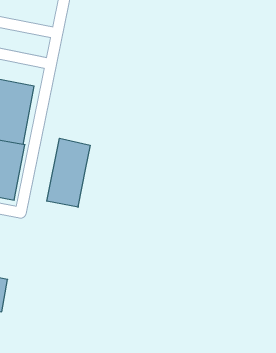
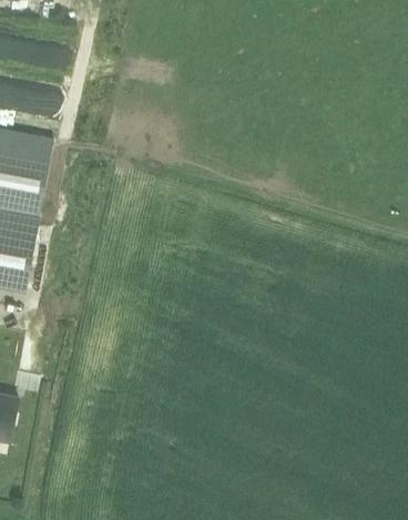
building: [47,138,90,207] -> none

